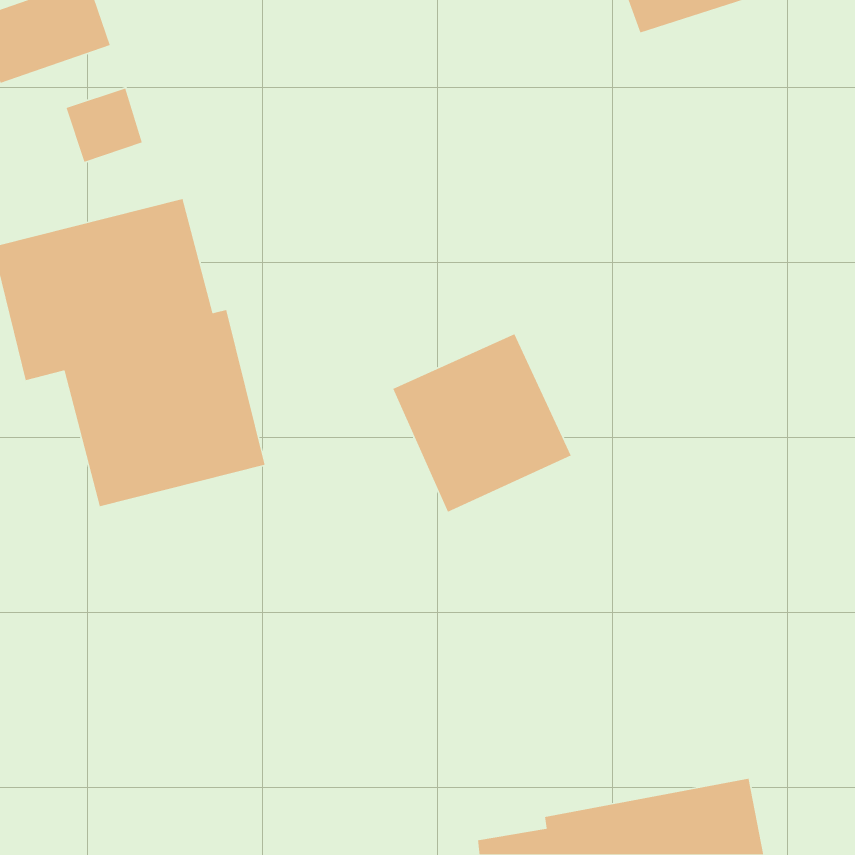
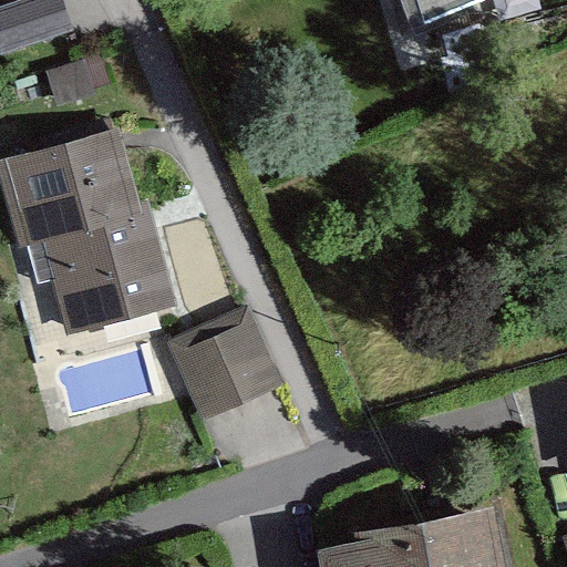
building: [392,333,572,513] -> [166,303,285,422]

